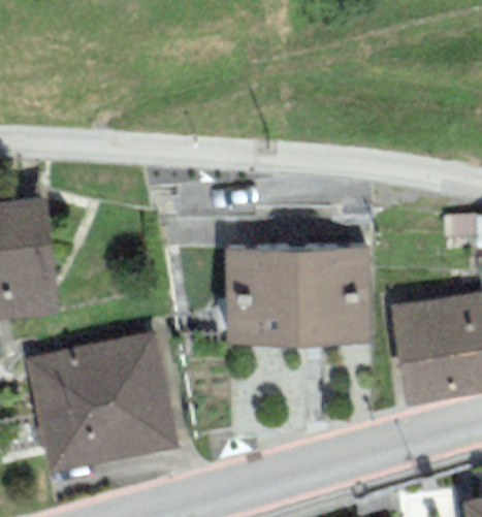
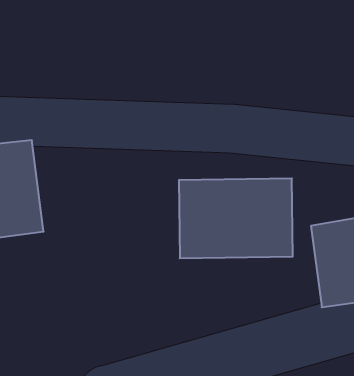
building: [27,332,181,473] -> none

